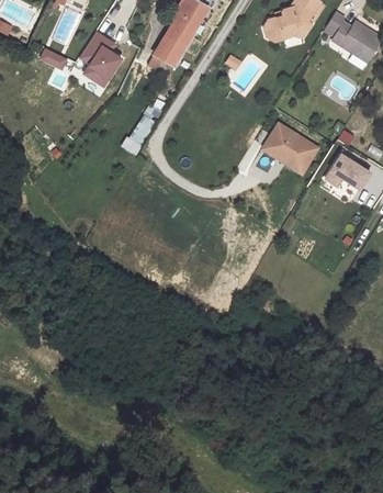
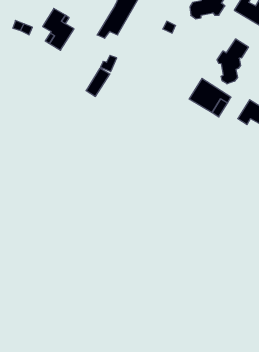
building: none -> [217,39,248,84]

